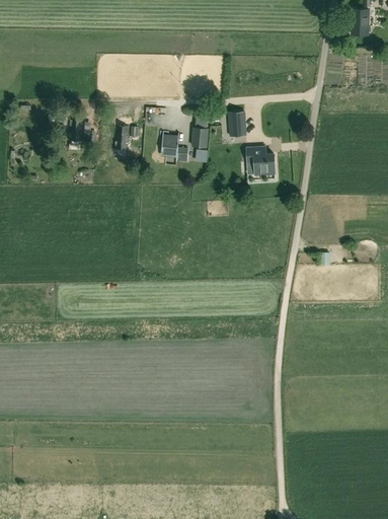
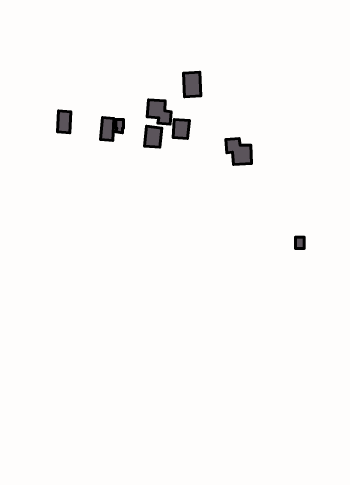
building: [351,9,368,34] -> none
building: none -> [147,100,171,124]
building: [228,110,246,137] -> [184,72,201,97]

